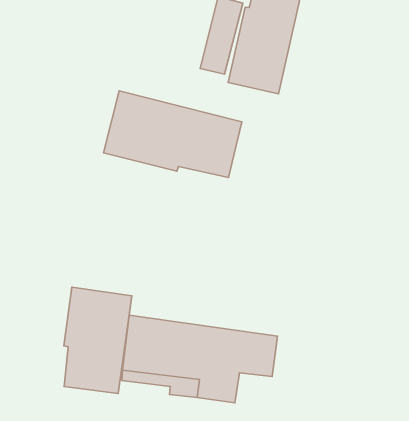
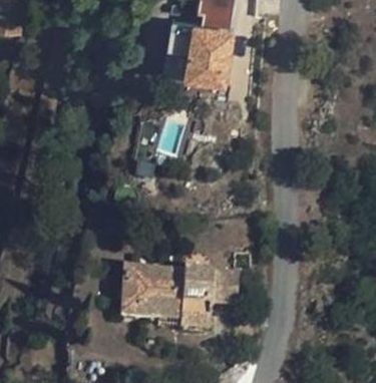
building: [103,91,242,178] -> none
building: [64,287,132,394] -> none

